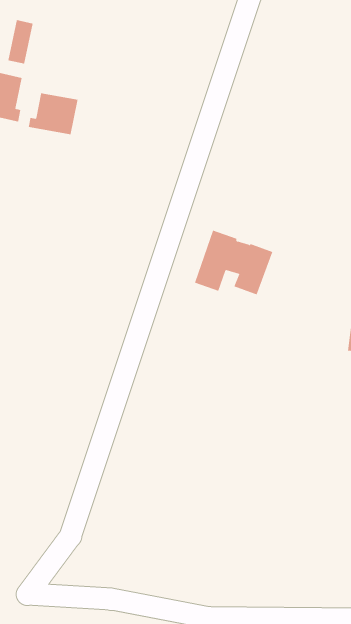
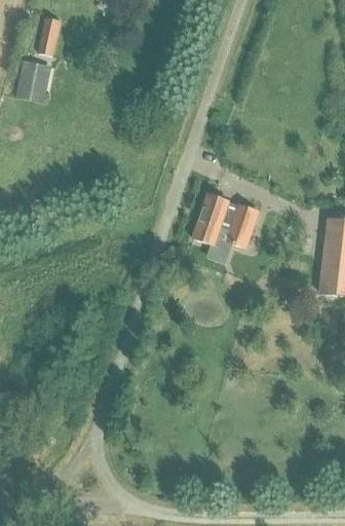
building: [28,92,78,135] -> none

